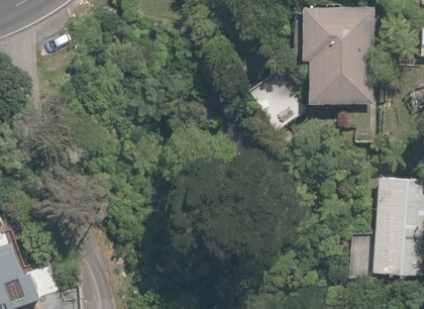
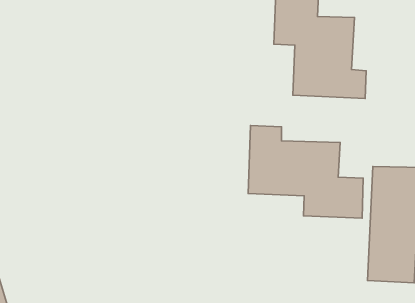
building: none -> [248,126,363,218]

